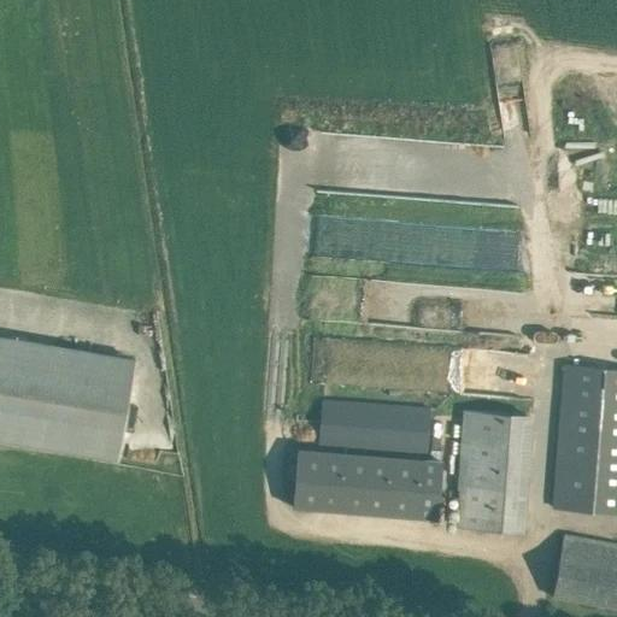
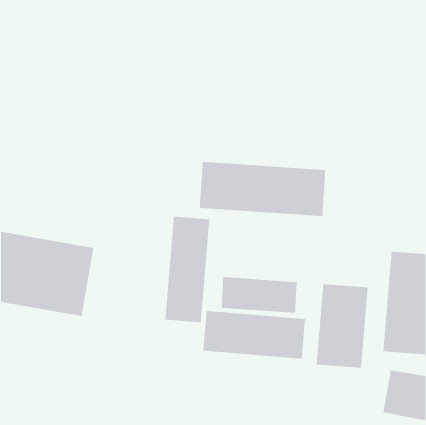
building: none -> [199,161,326,217]
building: none -> [165,216,210,323]

